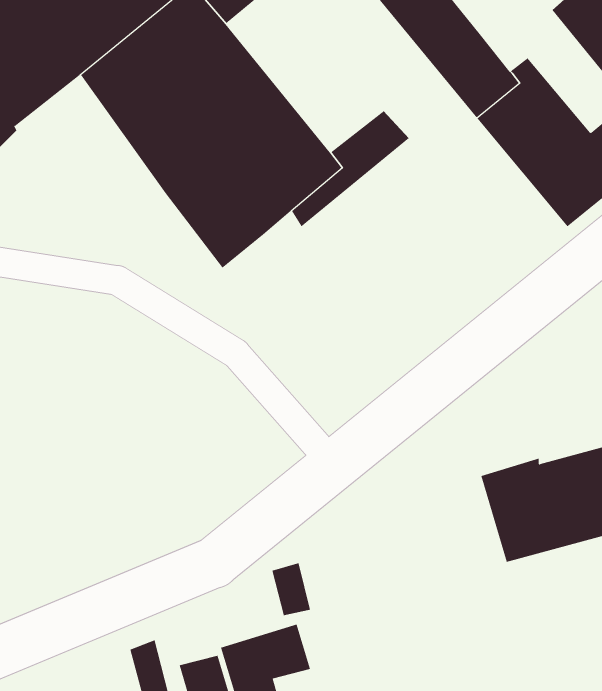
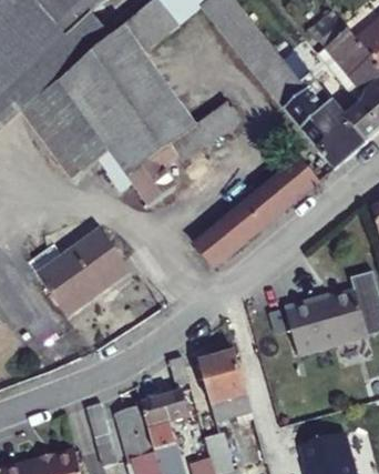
building: none -> [23,81,107,174]
building: none -> [195,157,318,268]
building: none -> [39,232,130,320]
building: none -> [197,350,250,421]

